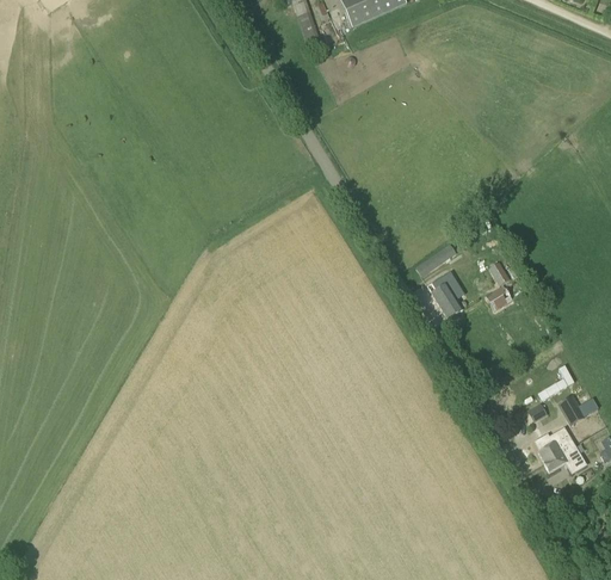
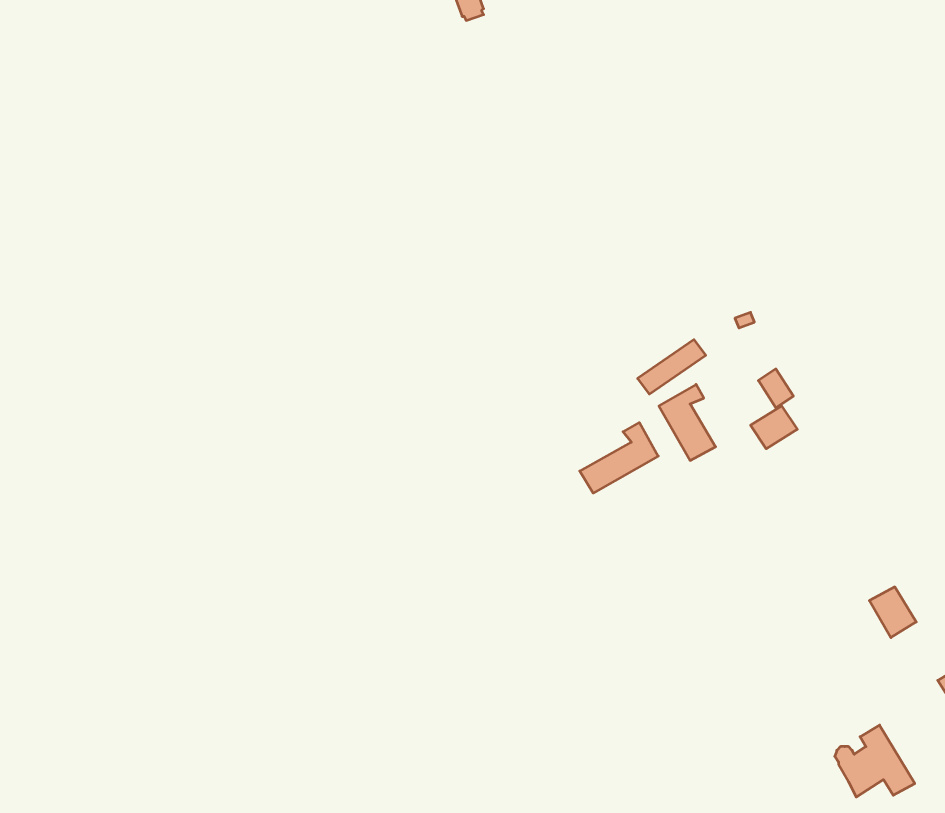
building: none -> [580,423,658,493]
building: [538,427,587,471] -> [835,725,915,797]

